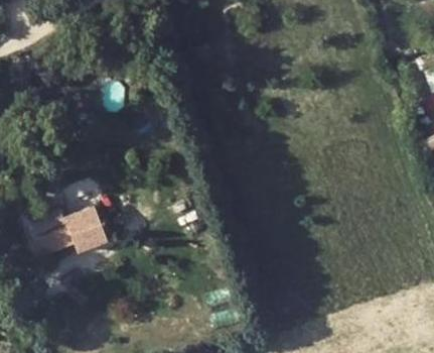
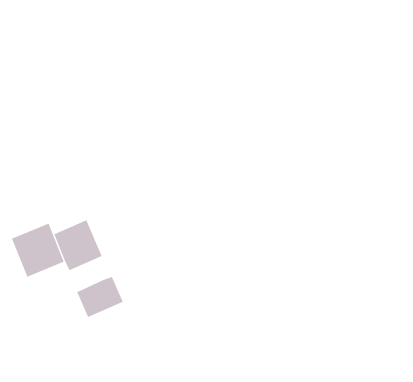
building: none -> [76,276,123,318]

